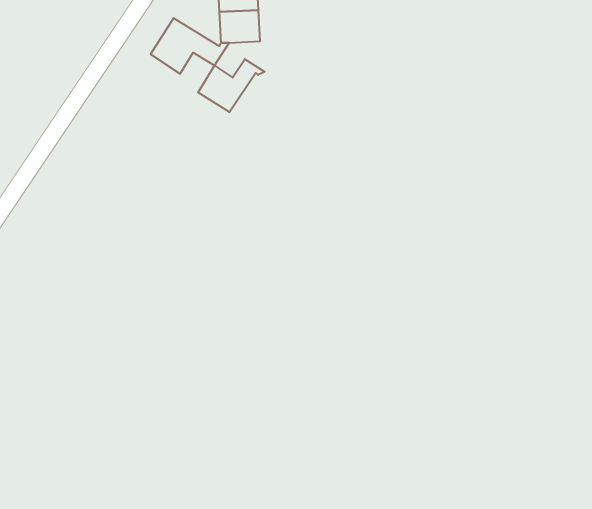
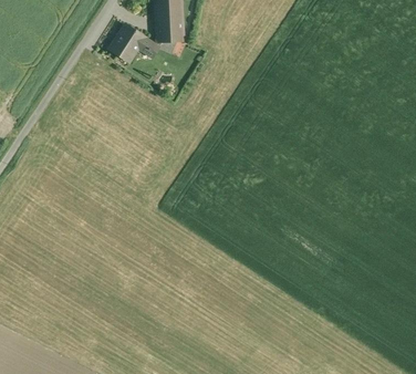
building: [198,59,265,112] -> none

